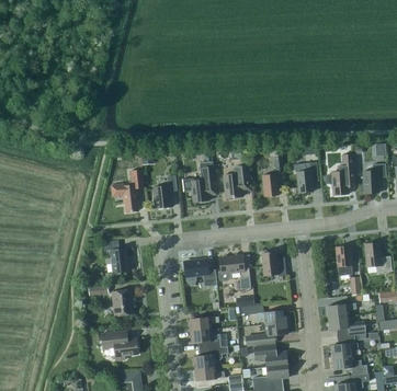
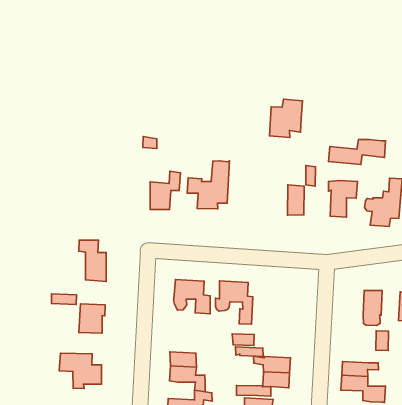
building: none -> [329,140,386,164]
building: [224,165,250,197] -> [270,99,302,137]
building: [111,168,145,210] -> none
building: [261,251,286,276] -> none

